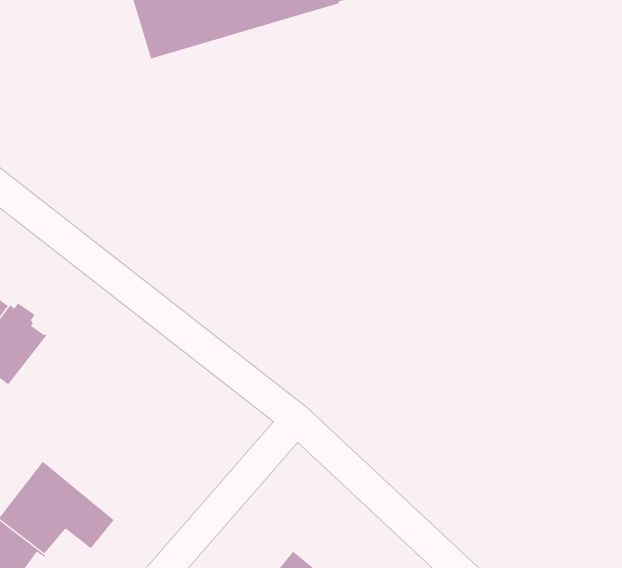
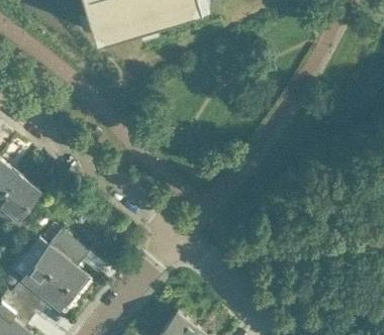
building: none -> [34,232,88,297]

